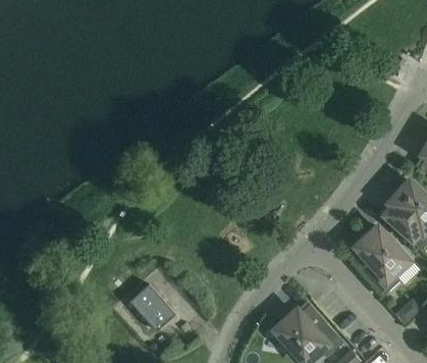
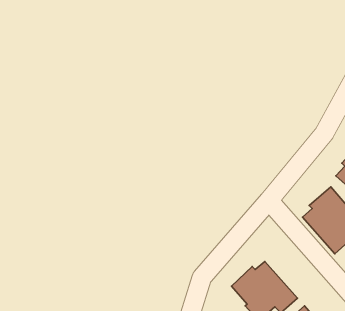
building: [129,282,175,330] -> none

